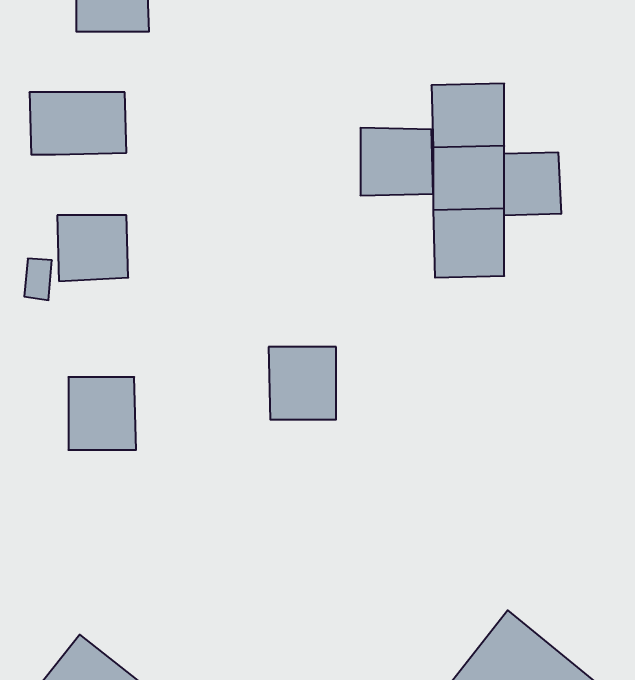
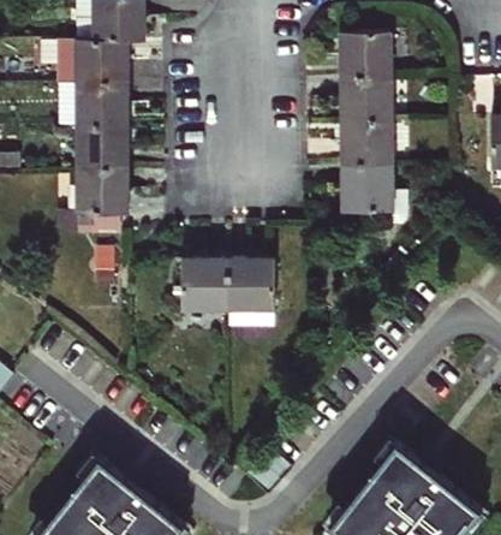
building: none -> [61,42,127,84]
building: [360,128,433,195] -> [340,32,390,79]
building: [504,152,561,215] -> none
building: none -> [79,126,129,170]
building: [68,377,136,450] -> [181,261,228,311]

